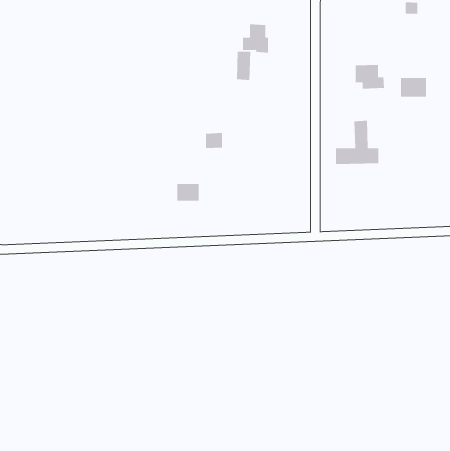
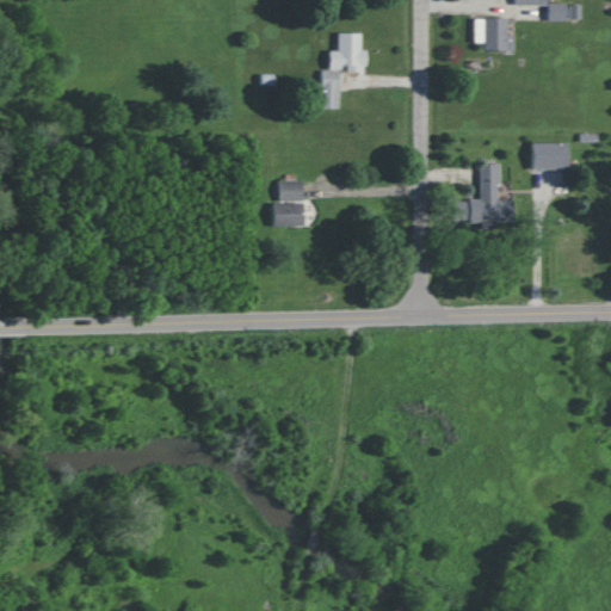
building: [355,64,385,89] -> [475,18,516,51]
building: [400,78,427,97] -> [533,143,569,169]
building: [177,183,200,201] -> [273,203,304,227]

